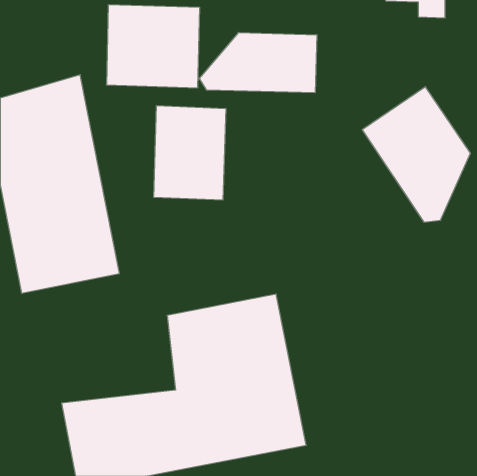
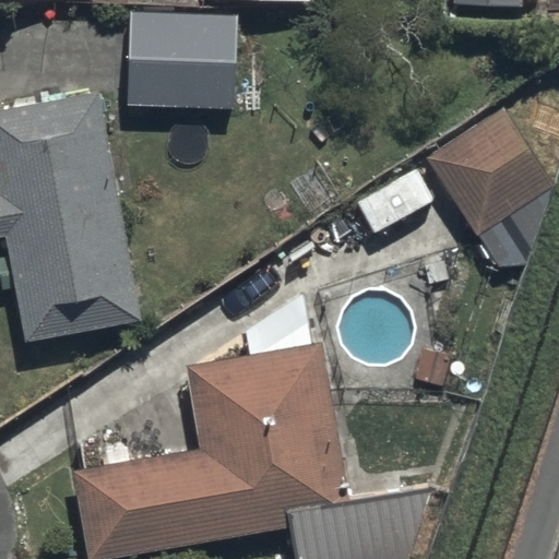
building: [199,32,317,93] -> none
building: [154,106,226,200] -> none

